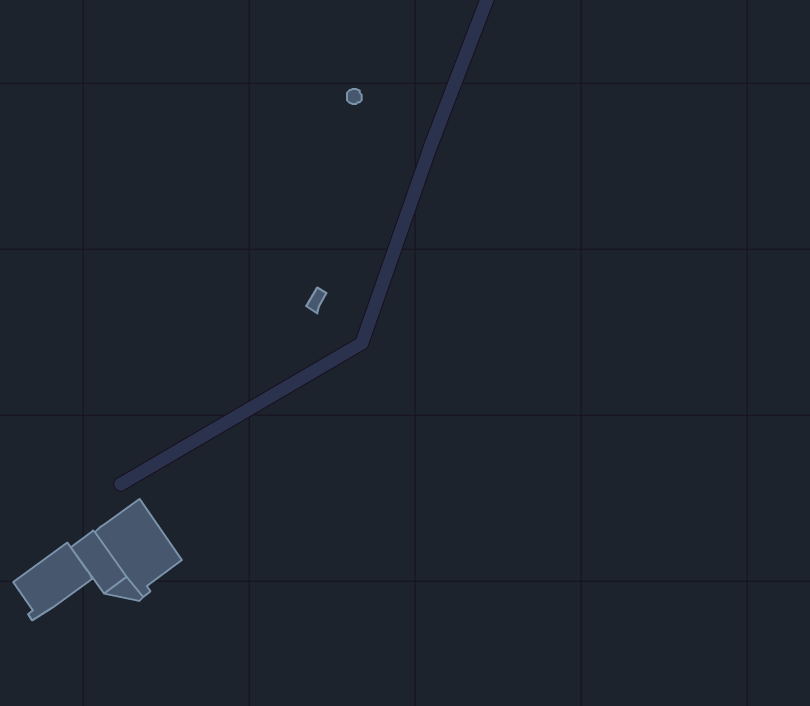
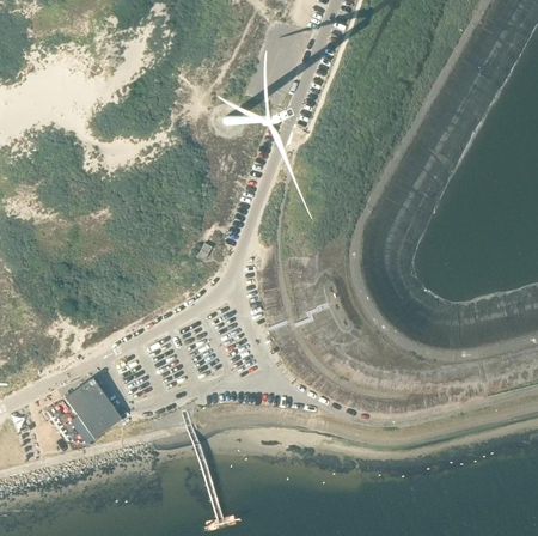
building: [13,543,92,620] -> none

